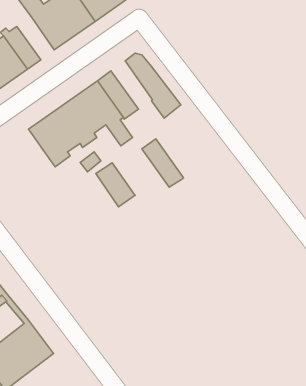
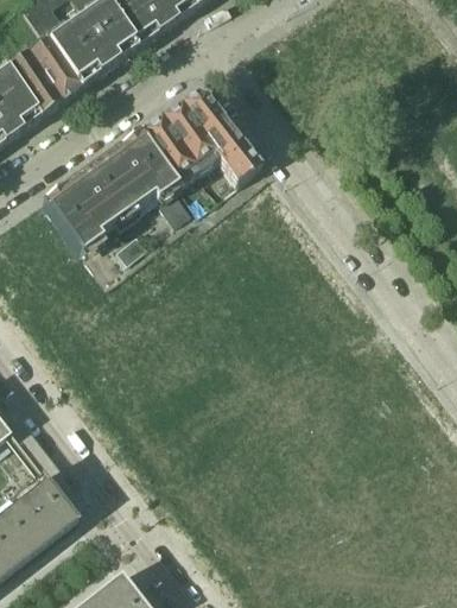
building: none -> [23,42,78,102]
building: [142,139,183,187] -> [159,103,218,172]
building: [96,163,135,207] -> none

